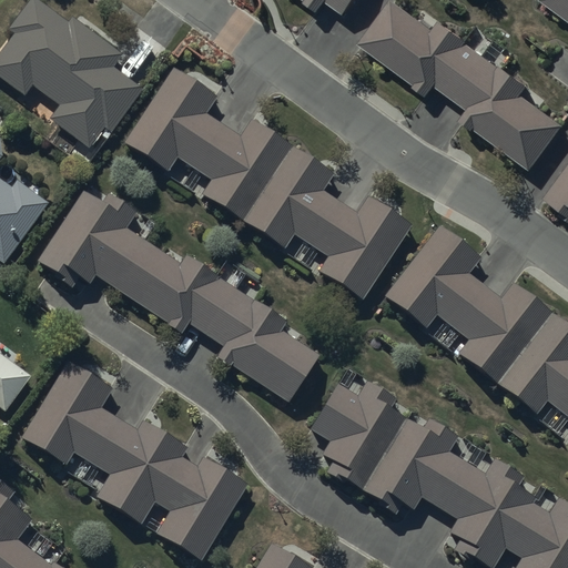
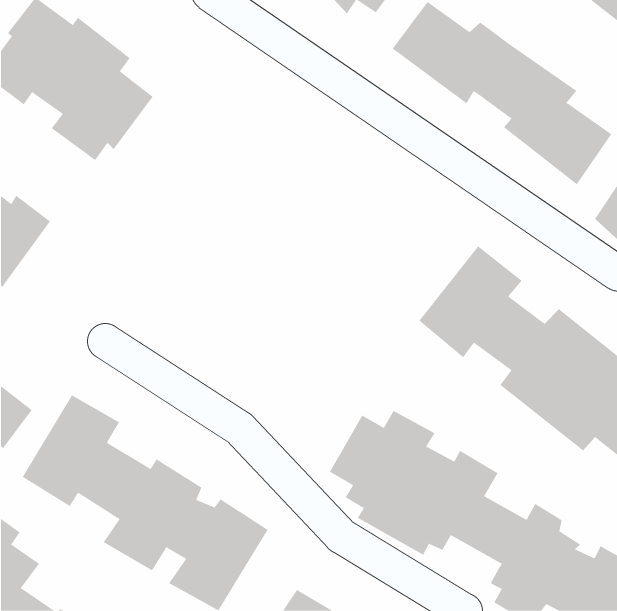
building: [124,68,410,300] -> none
building: [37,191,320,403] -> none

